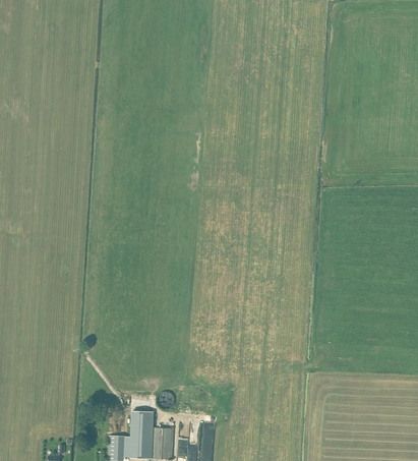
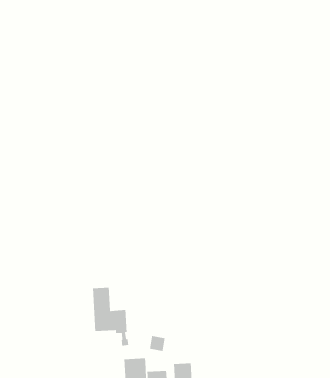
building: none -> [92,287,129,346]

